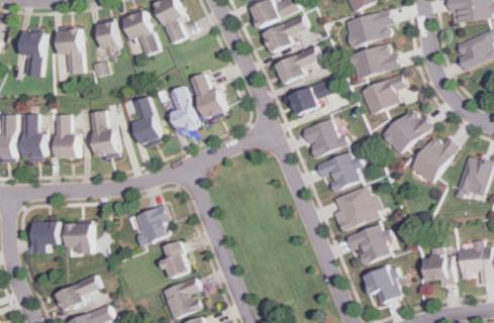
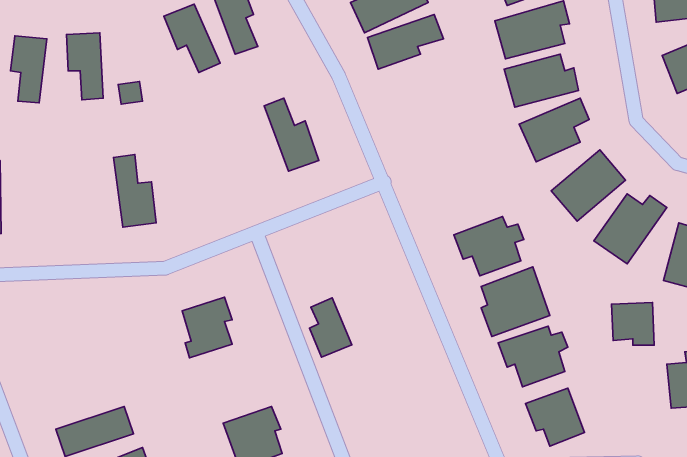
building: [98,20,118,49] -> none
building: [275,46,325,83] -> none
building: [288,79,335,116] -> none
building: [170,86,198,133] -> none
building: [133,96,162,147] -> none
building: [22,113,45,159] -> none
building: [56,114,79,157] -> none
building: [302,118,348,157] -> none
building: [33,222,59,252] -> none
building: [67,222,93,254] -> none
building: [163,240,191,280] -> [309,298,352,357]
building: [424,255,453,284] -> [612,303,654,345]

